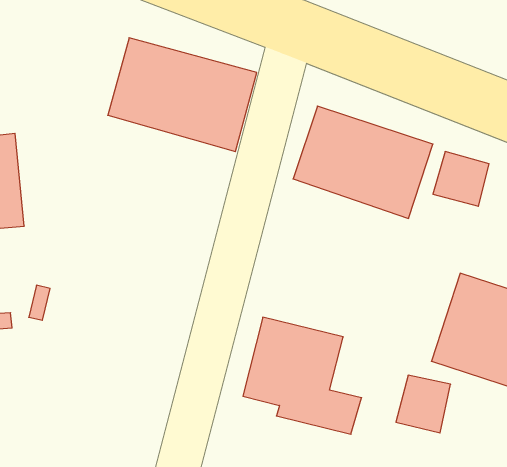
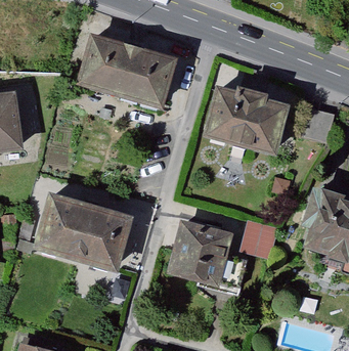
building: none -> [33,194,133,269]
building: [396,375,451,433] -> [234,219,271,258]

